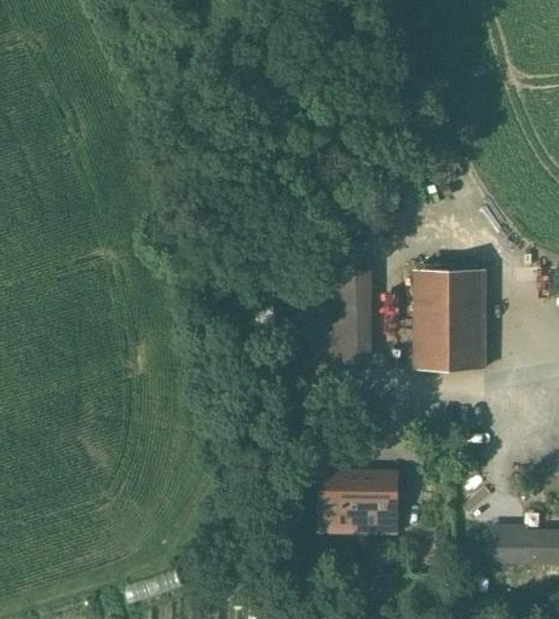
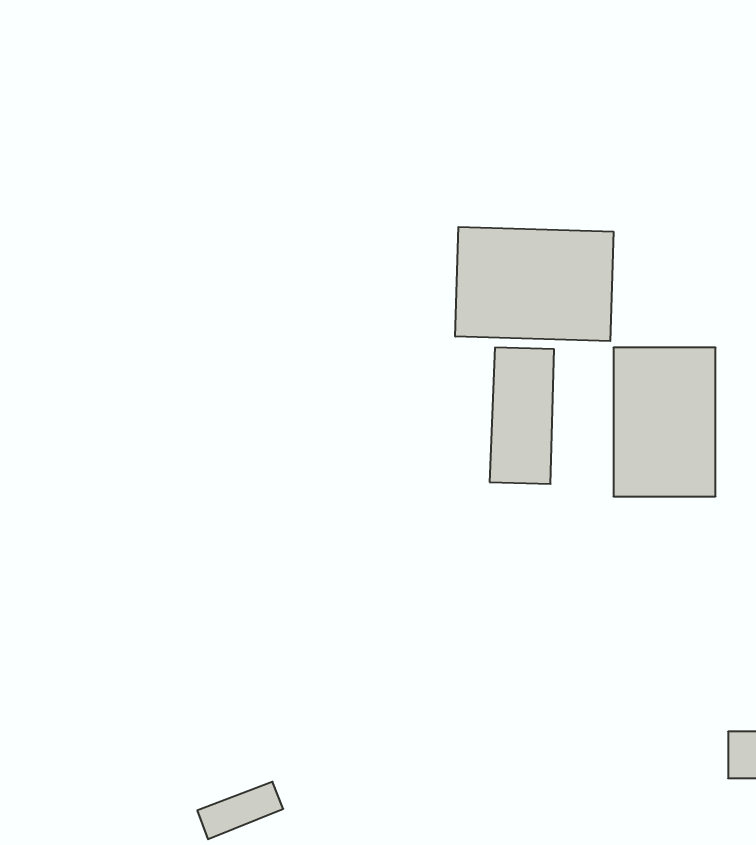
building: none -> [455,227,613,341]
building: [323,475,394,531] -> none

